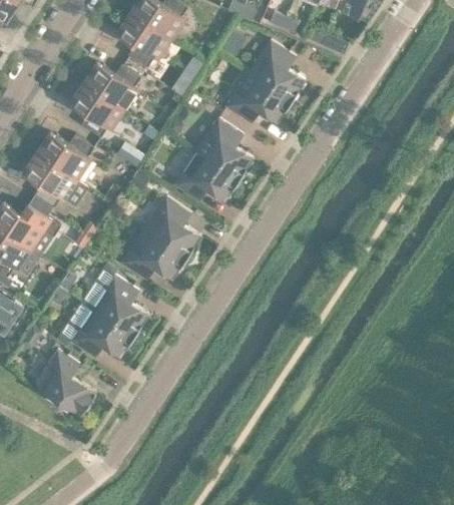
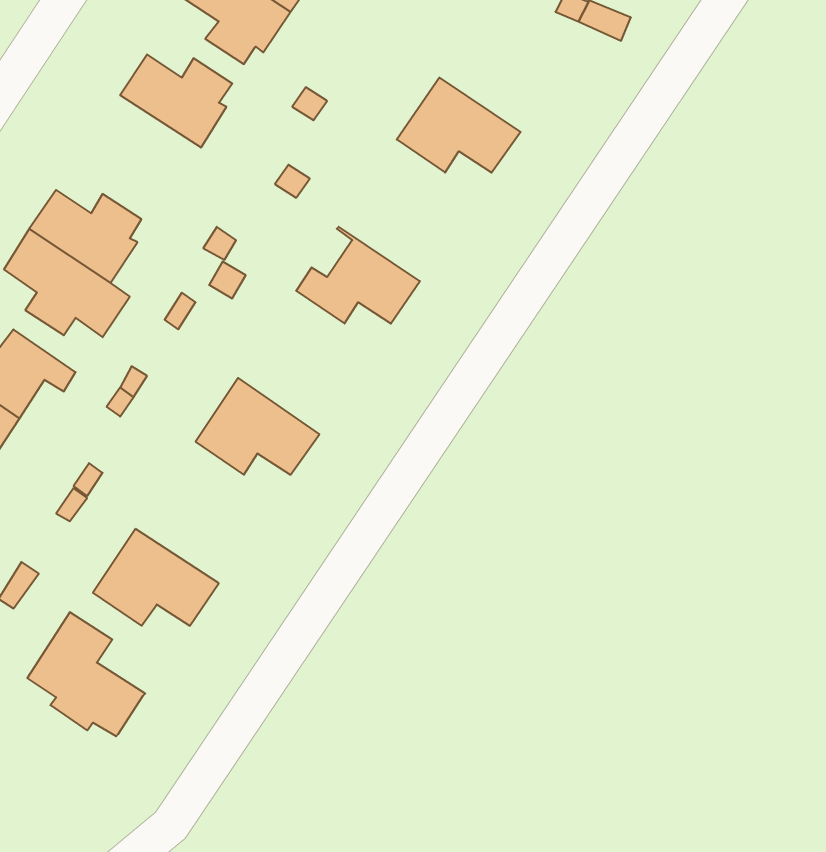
building: [248,40,304,101] -> none
building: [68,82,124,136] -> none
building: [195,118,252,178] -> none
building: [143,196,199,258] -> none
building: [90,274,147,335] -> none

